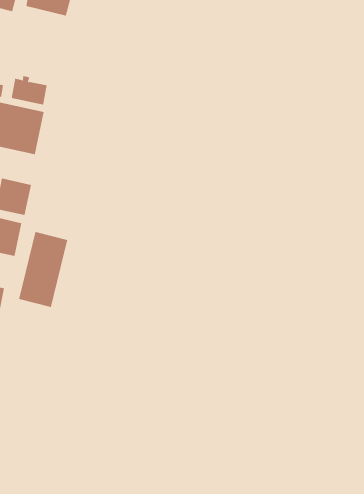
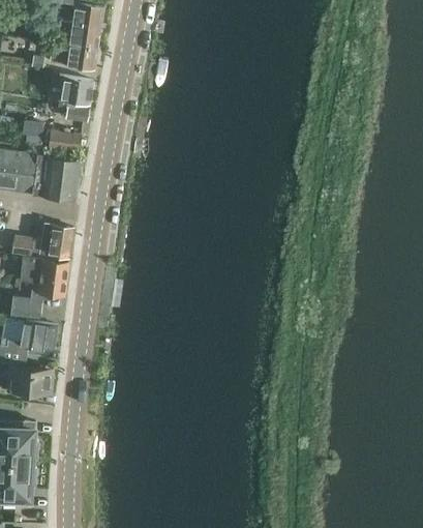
building: none -> [57,76,94,121]
building: [19,231,68,308] -> none

